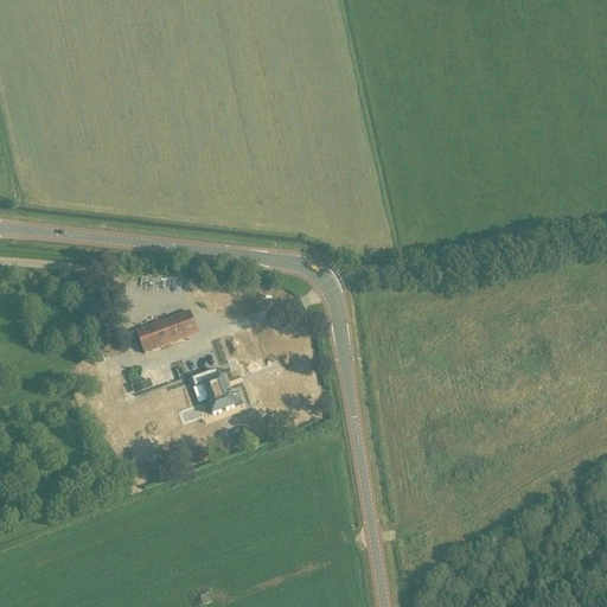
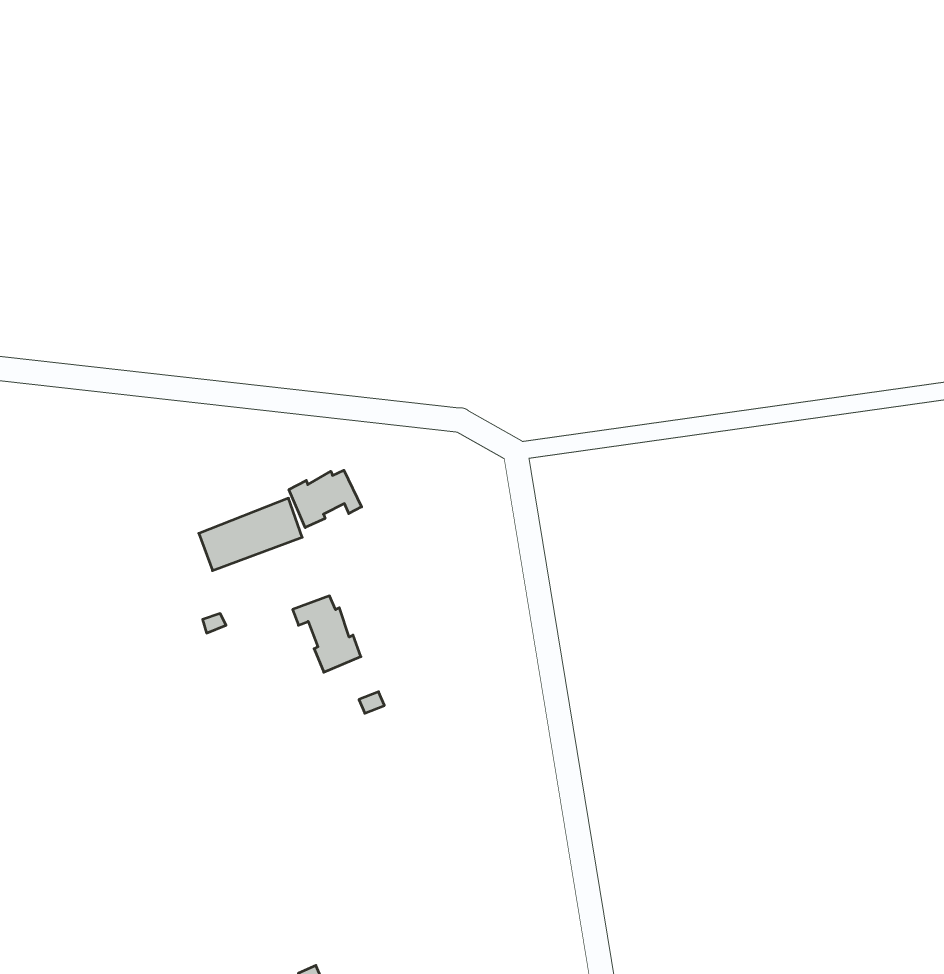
building: none -> [289,470,362,528]

